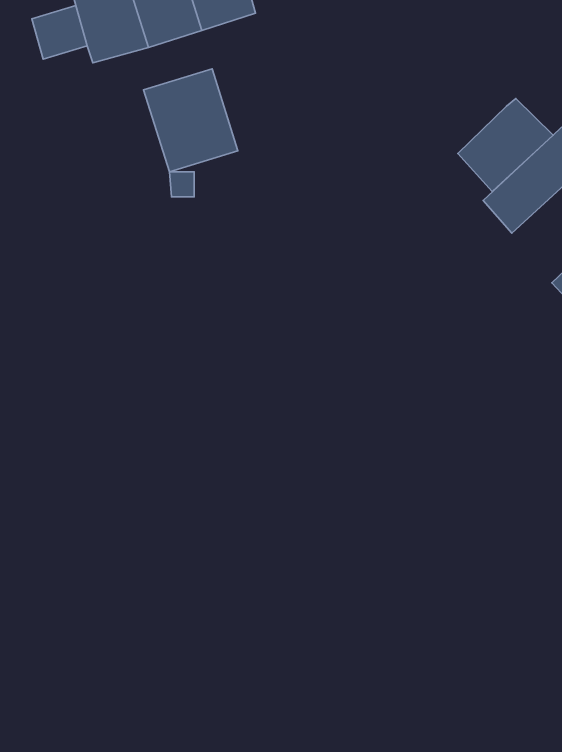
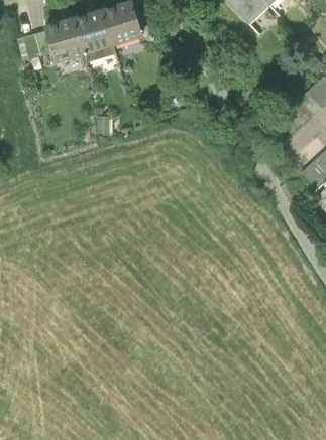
building: [144,69,238,172] -> none
building: [458,99,553,191] -> none

